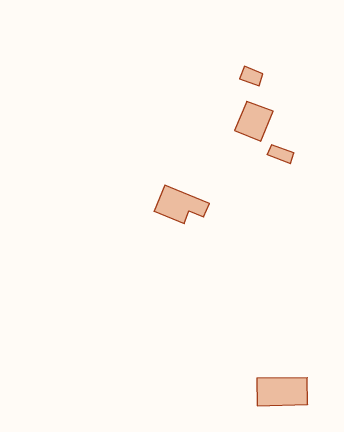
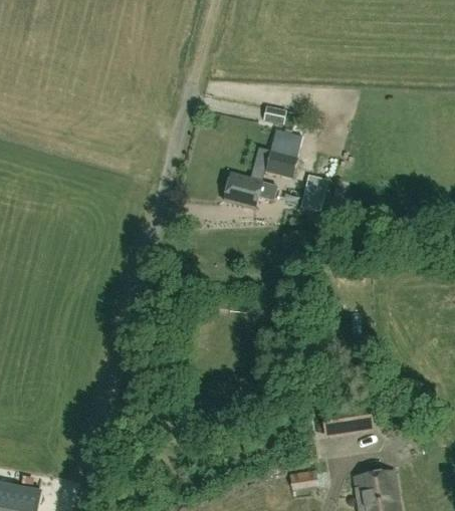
building: [154,185,209,224] -> [224,174,277,209]

